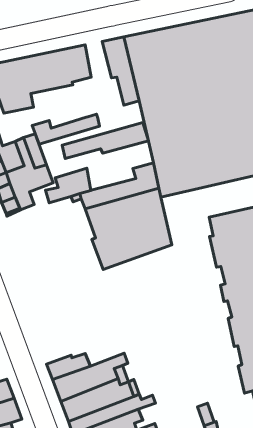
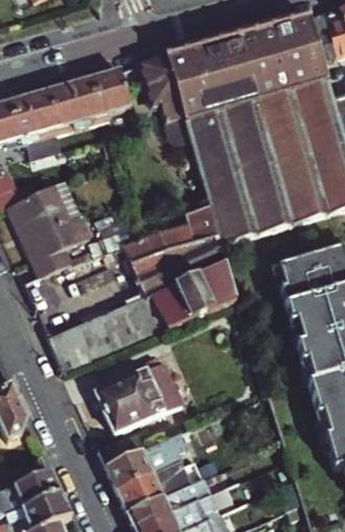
building: [32,114,100,144] -> none
building: [62,122,148,159] -> none
building: none -> [47,298,156,373]
building: none -> [91,365,172,432]

